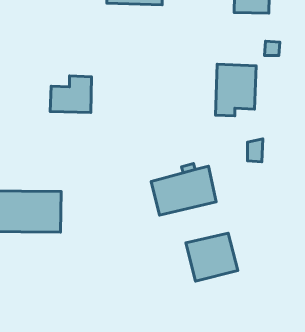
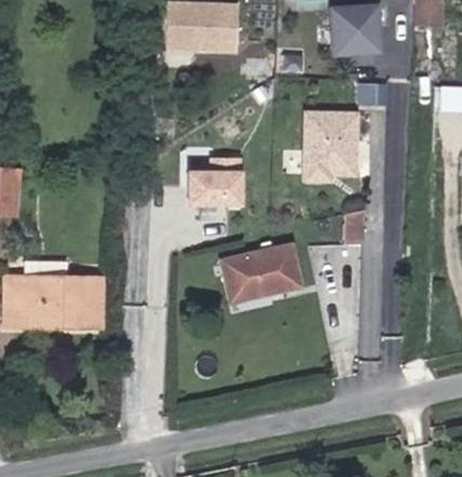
building: [50,76,92,112] -> [187,151,240,197]
building: [186,233,238,281] -> none

